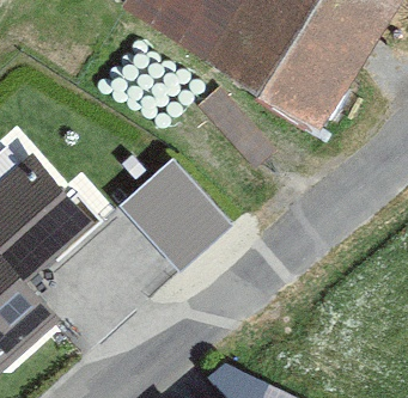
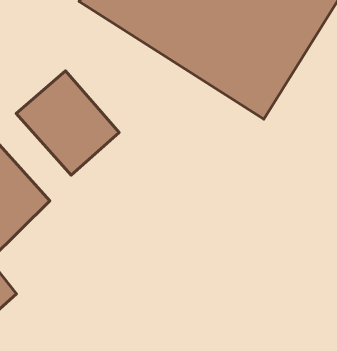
building: [118,159,229,270] -> [16,71,119,175]

